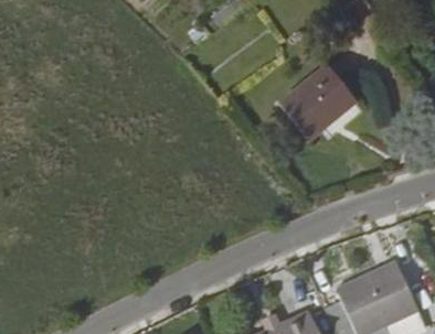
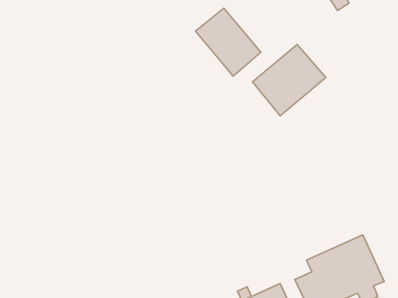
building: none -> [196,8,261,76]

